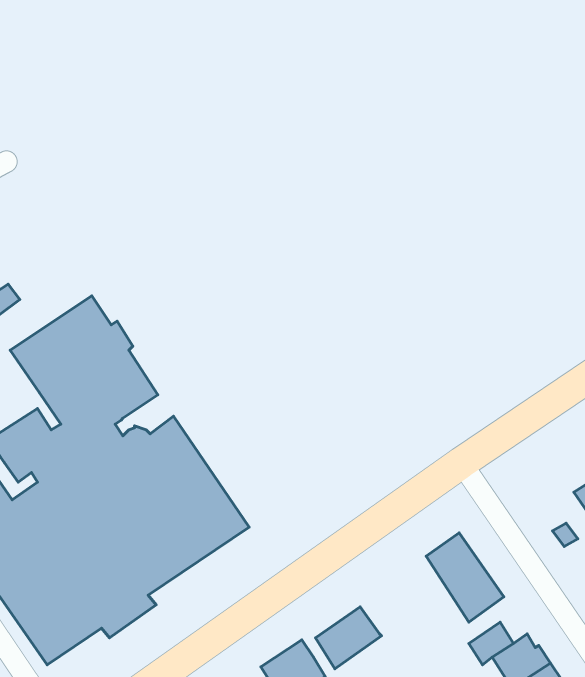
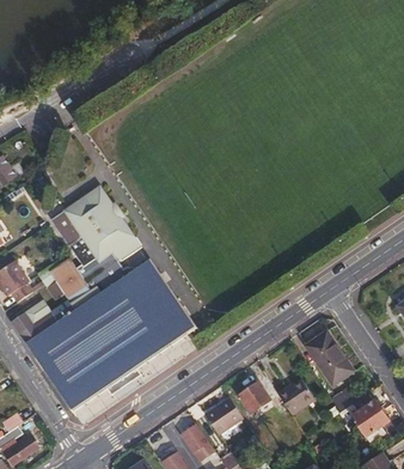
building: none -> [276,379,314,414]

